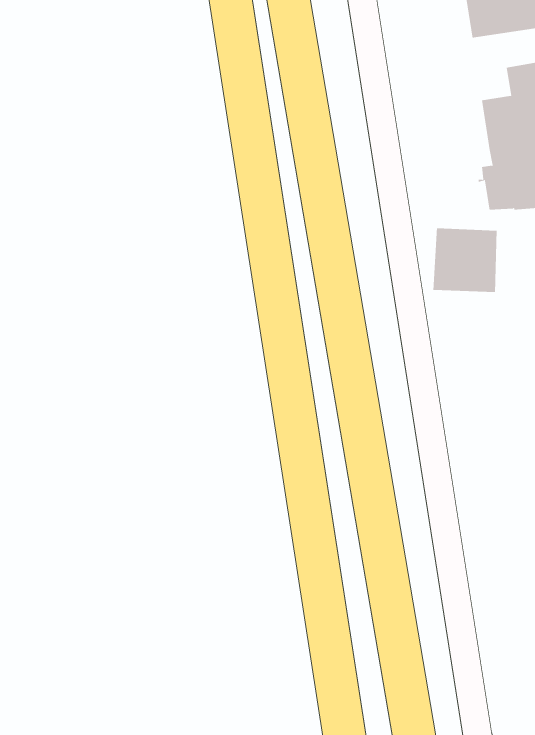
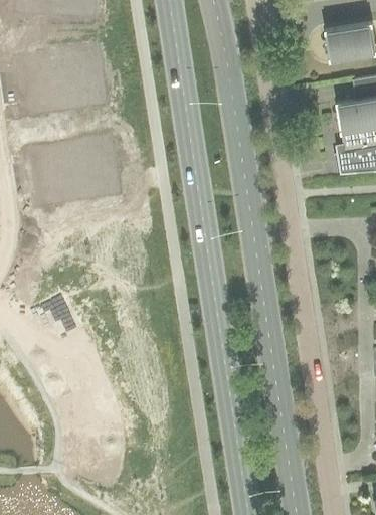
building: [433,228,497,293] -> none

